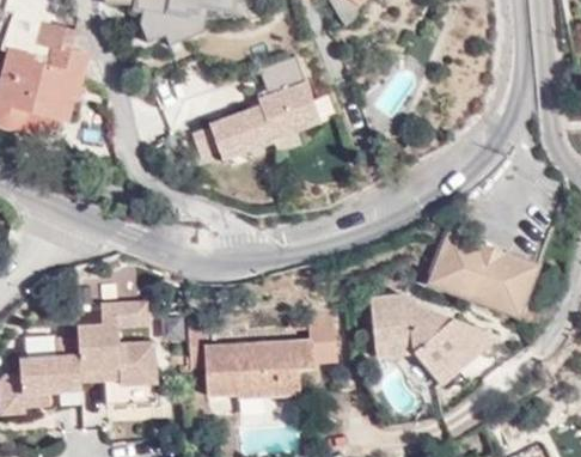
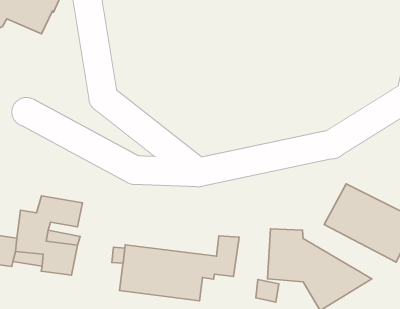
building: [191,53,325,160] -> none

